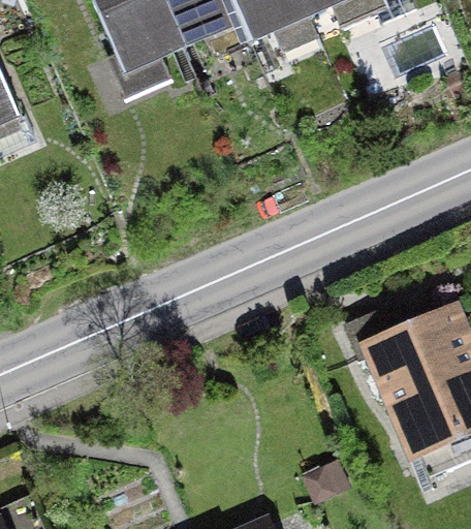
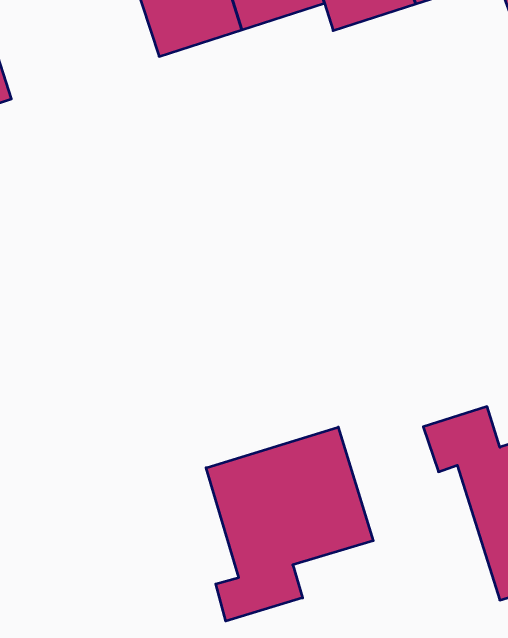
building: none -> [206,427,373,621]

